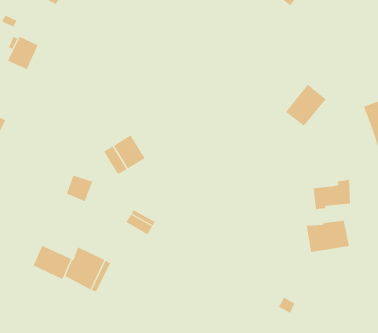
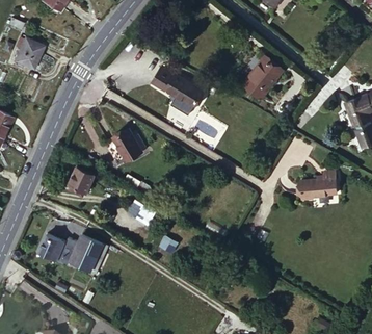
building: none -> [149,68,202,107]
building: [285,84,326,126] -> [243,57,282,97]
building: [306,219,350,253] -> none

